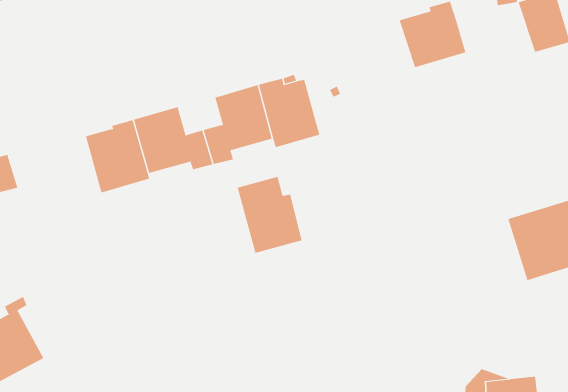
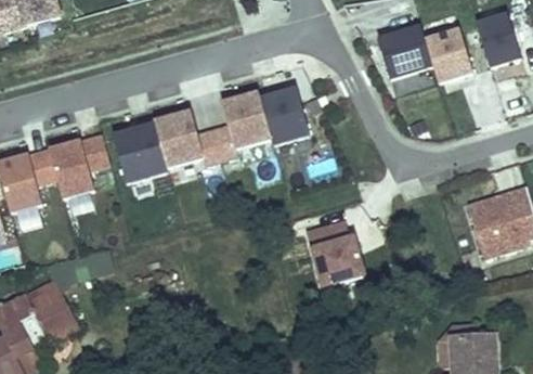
building: none -> [425,27,471,80]
building: none -> [48,136,108,198]
building: [237,176,303,253] -> [309,221,364,286]

